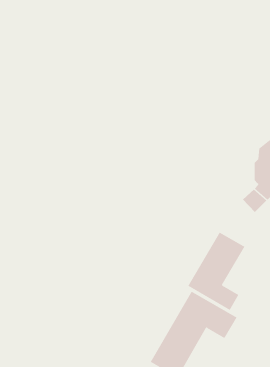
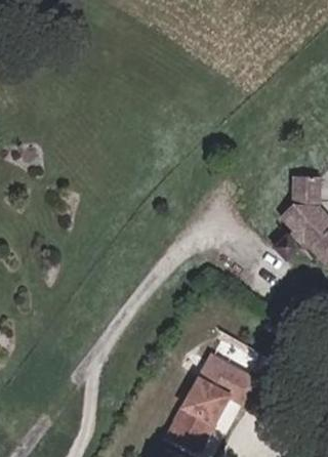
building: [187,232,245,311] -> none

